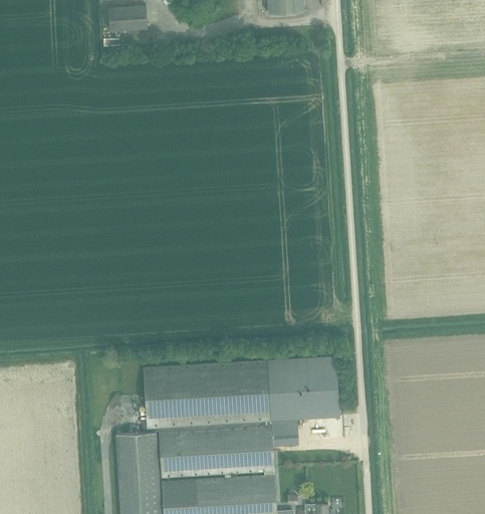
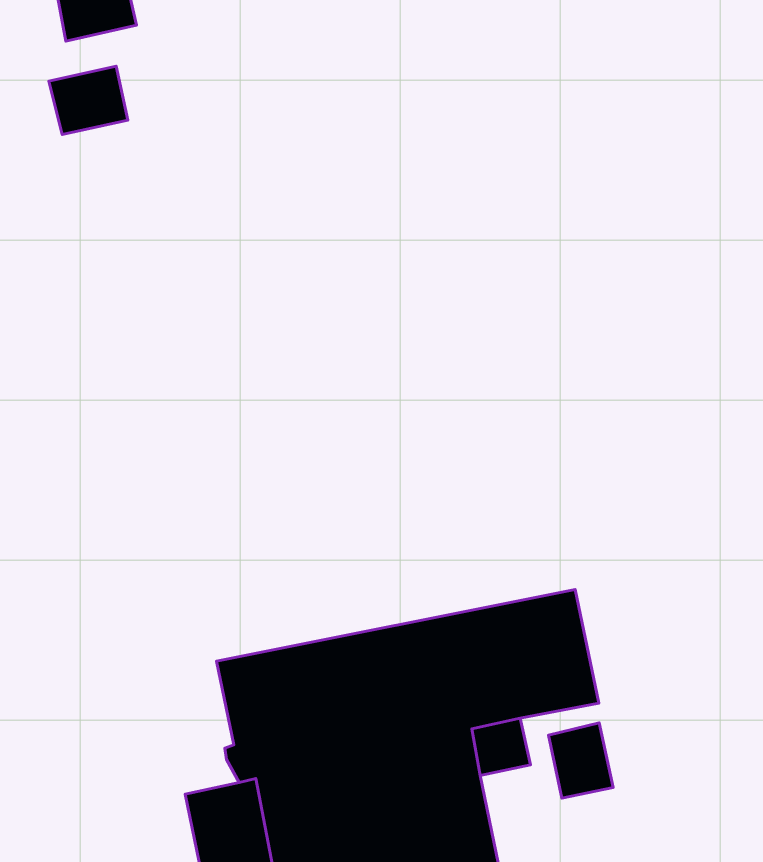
building: none -> [49,66,128,135]
building: none -> [548,723,613,798]

